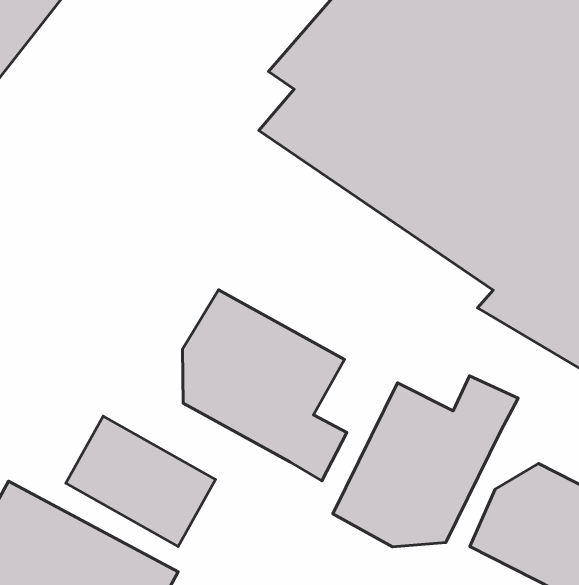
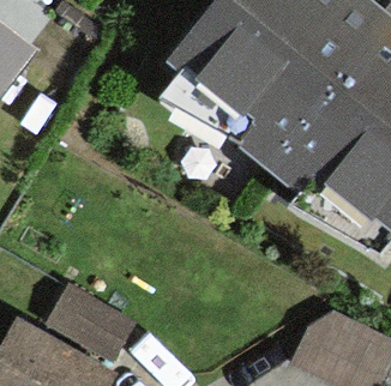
building: [182,290,347,481] -> none
building: [333,376,518,547] -> none

